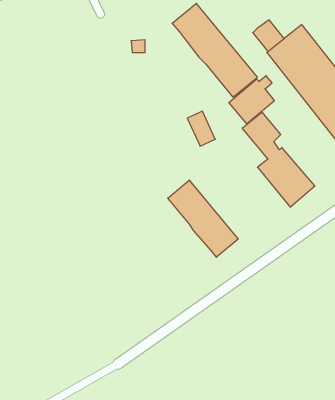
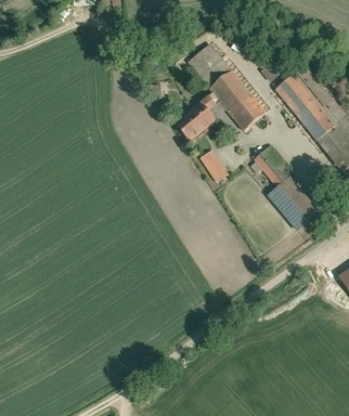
building: [229,76,274,124] -> [173,96,216,141]
building: [168,180,238,257] -> none

